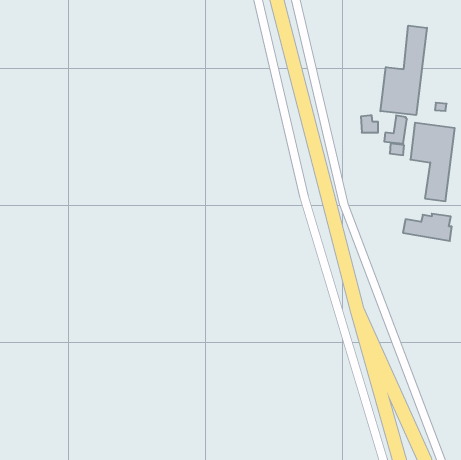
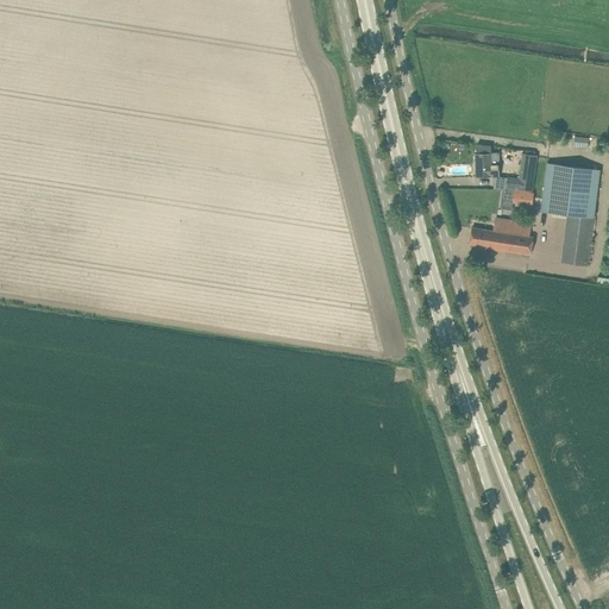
building: [380,26,427,115] -> none
building: [403,214,452,241] -> [469,219,533,255]

